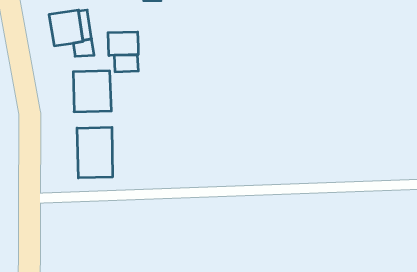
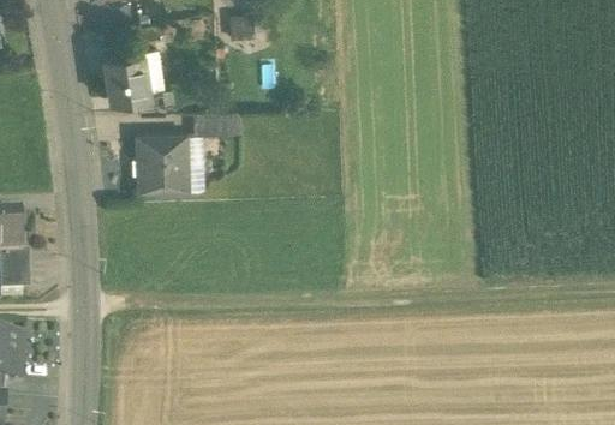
building: [108,32,138,56] -> none
building: [77,127,112,178] -> none

